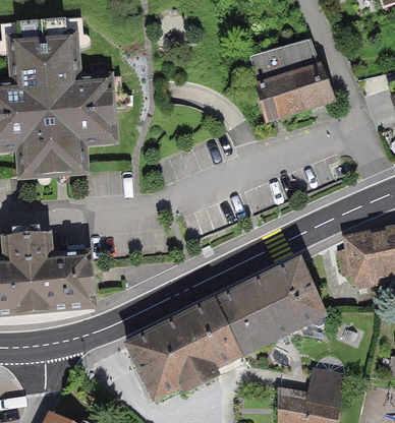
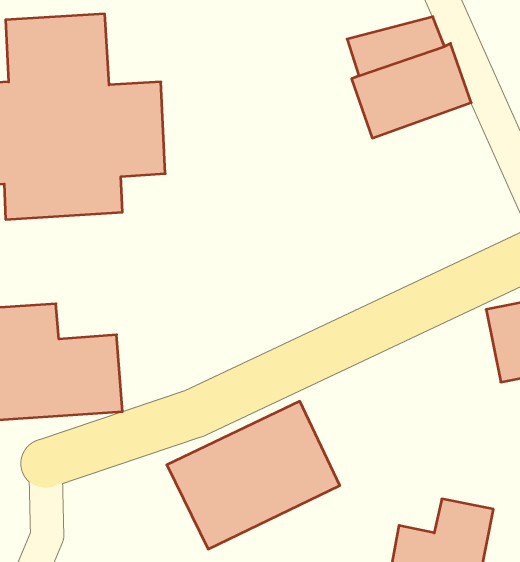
building: [215,259,327,358] -> none

